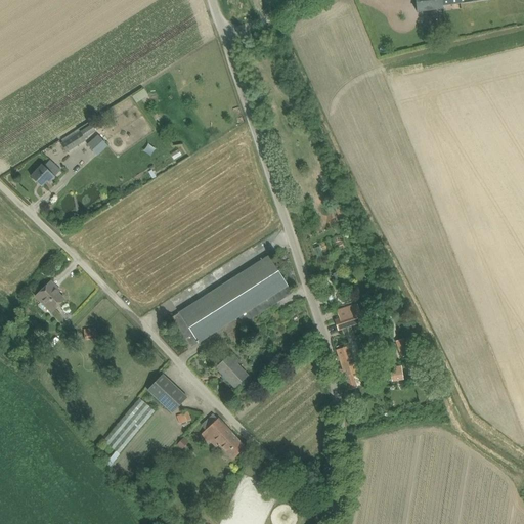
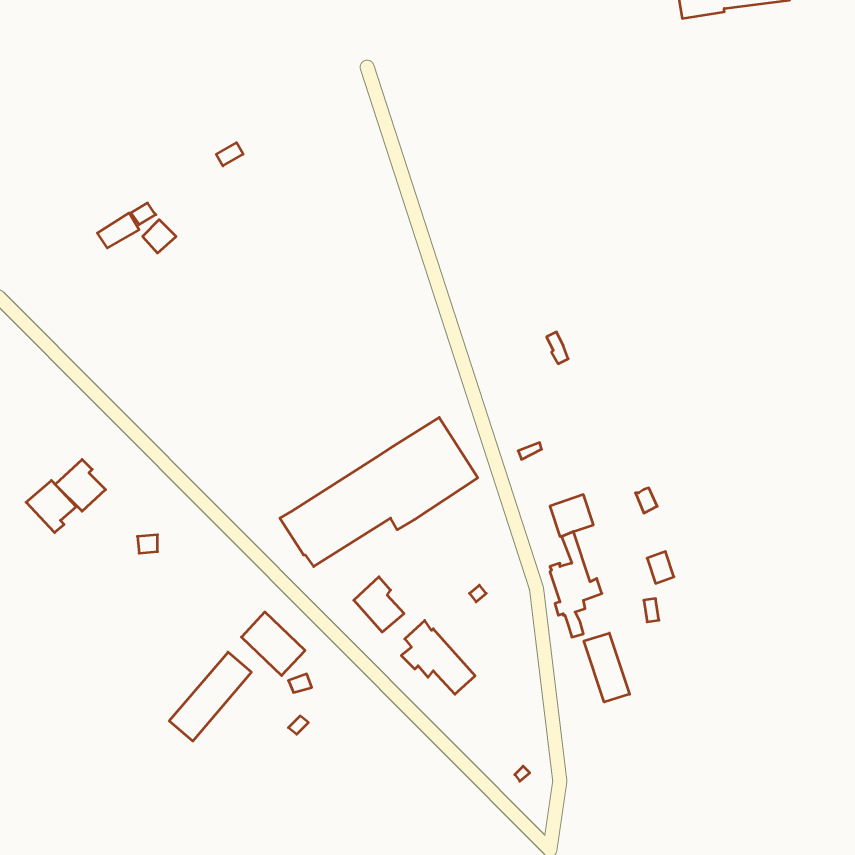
building: [31,159,60,185] -> none
building: none -> [26,480,76,533]
building: none -> [584,633,630,702]
building: [199,412,244,457] -> [401,620,475,694]

